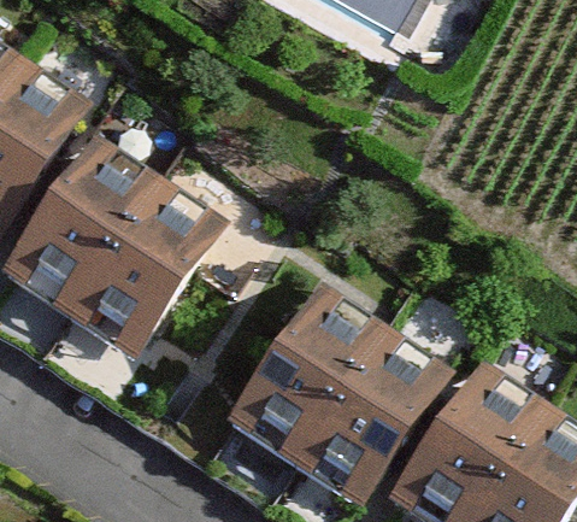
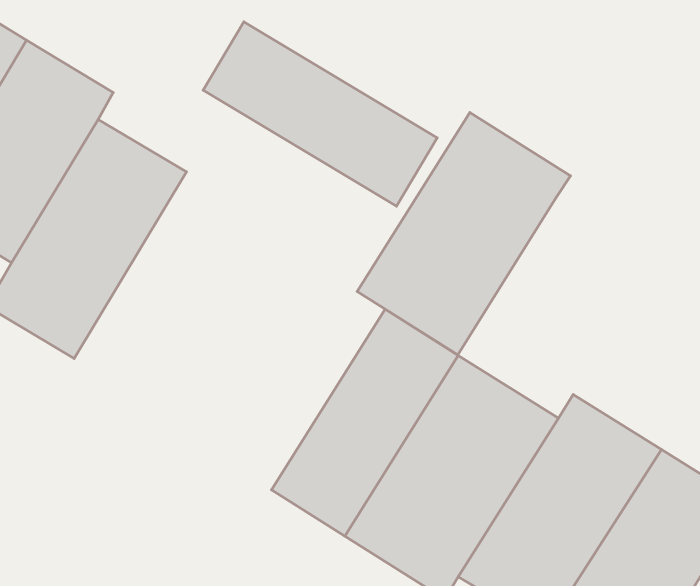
building: none -> [203,22,437,206]
building: none -> [357,112,570,355]
building: [66,174,225,366] -> none

